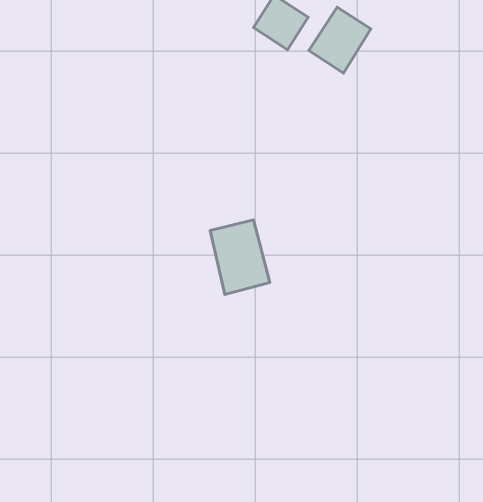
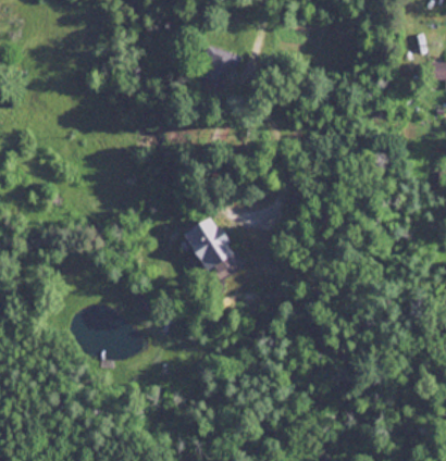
building: [309,7,371,73] -> none

